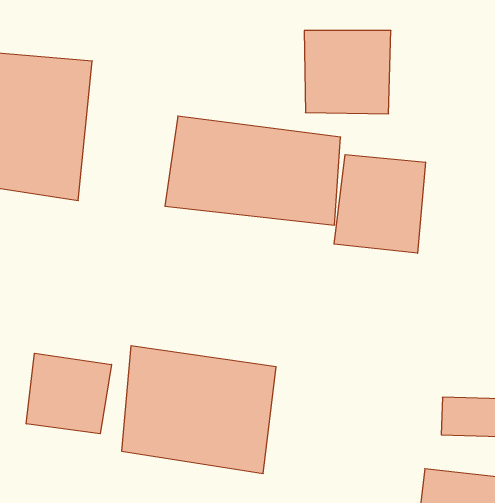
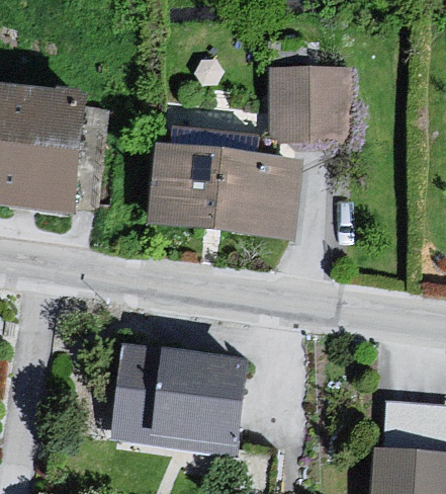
building: [334,155,425,253] -> none
building: [26,353,111,434] -> none

